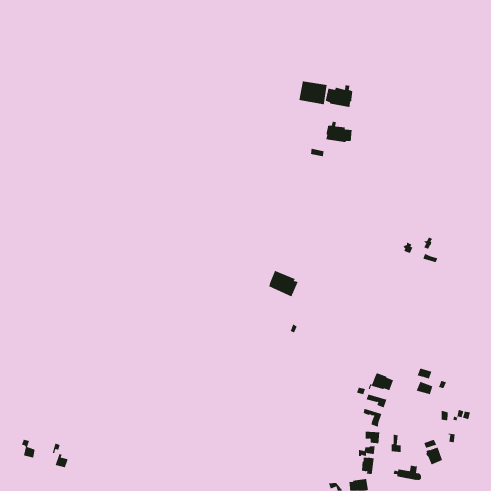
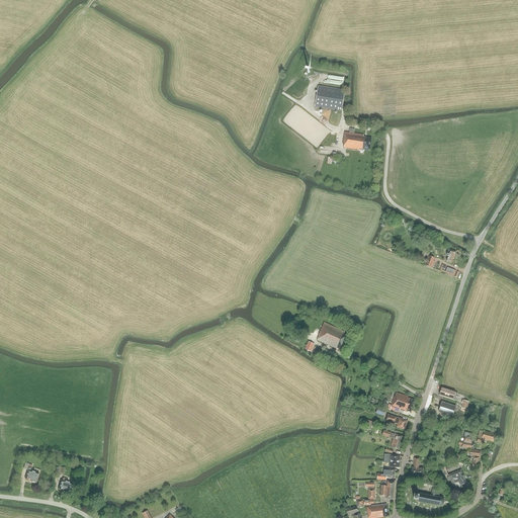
building: [325,84,353,108] -> none
building: [269,270,298,297] -> [317,322,348,350]

